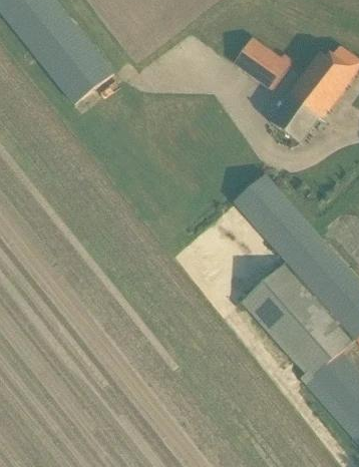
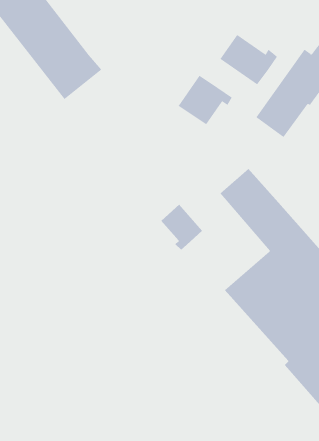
building: none -> [178,75,232,125]
building: none -> [161,204,203,251]

